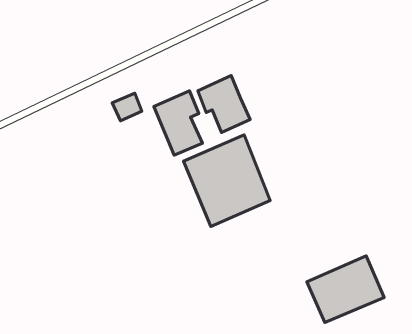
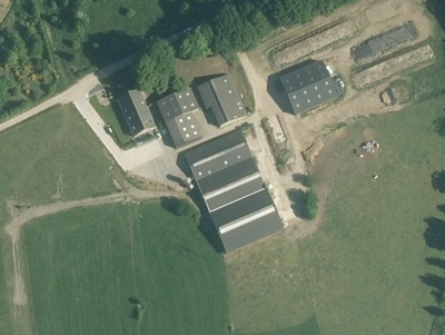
building: none -> [280,60,337,114]
building: none -> [126,106,155,135]
building: [307,256,384,322] -> [210,189,283,252]

